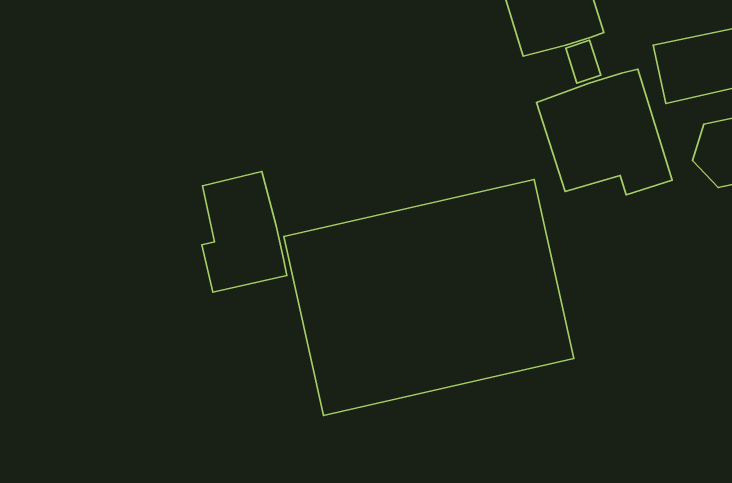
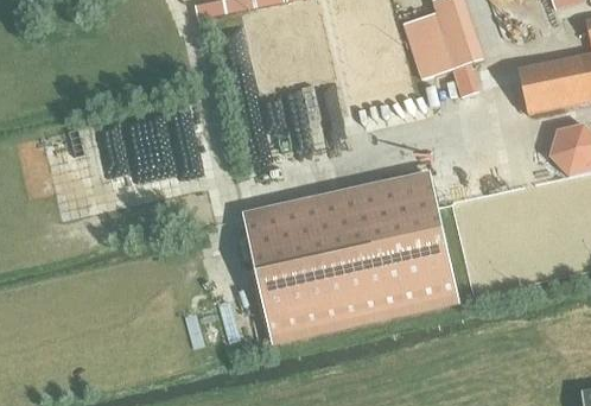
building: [537,69,672,195] -> none
building: [202,172,287,292] -> none

